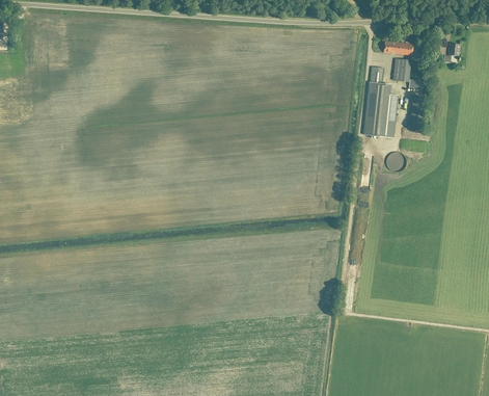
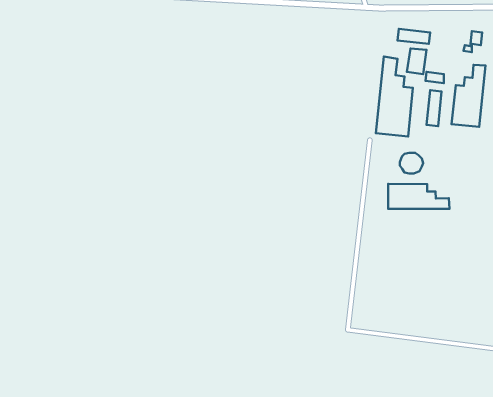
building: none -> [452,65,485,127]
building: none -> [388,184,449,209]

